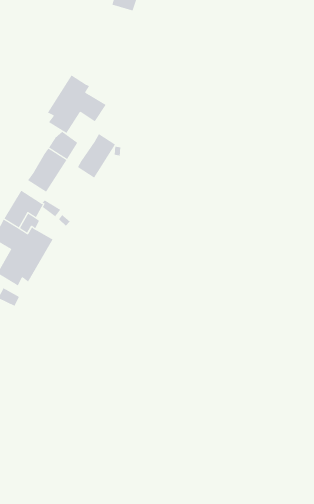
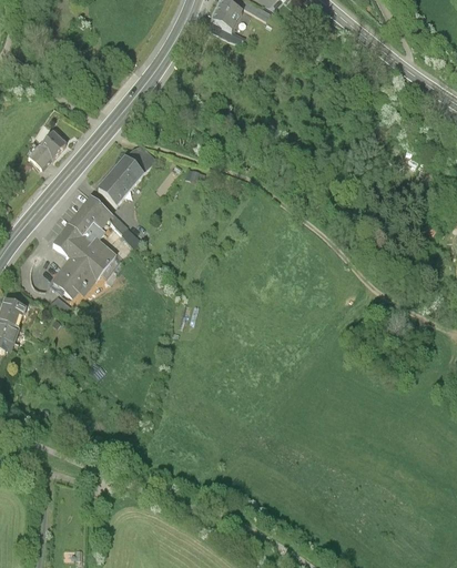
building: [47,75,107,134] -> none
building: [77,133,116,179] -> none

